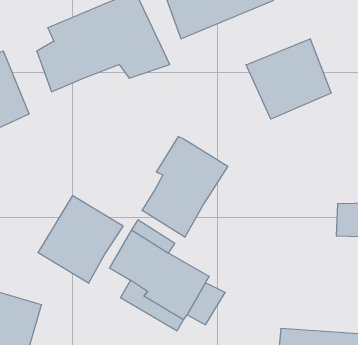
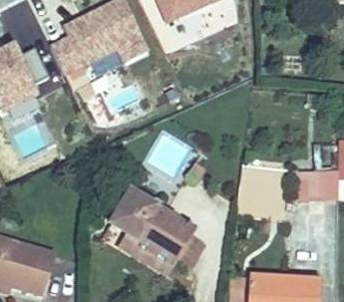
building: [246,39,331,119] -> none
building: [142,136,228,237] -> none
building: [38,195,123,283] -> none

